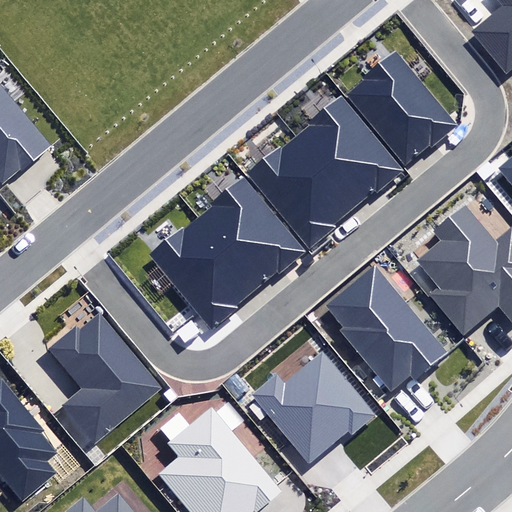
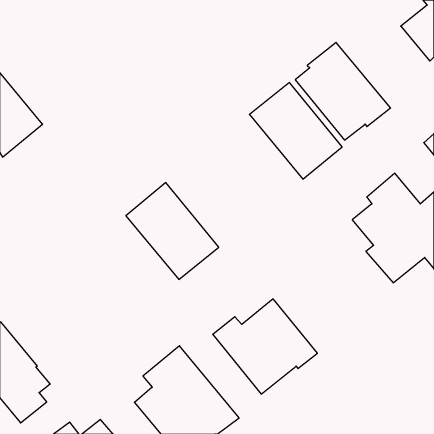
building: [247,135,356,249] -> none
building: [195,177,305,291] -> none
building: [324,266,447,391] -> none
building: [47,311,165,447] -> none

